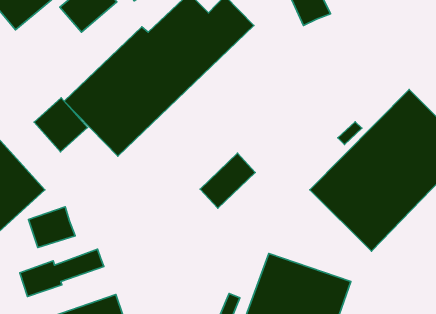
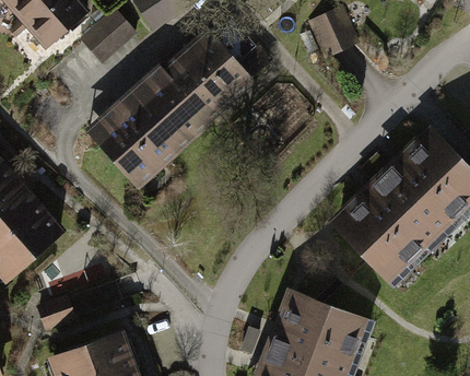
building: [34,98,87,152] -> none
building: [200,153,255,208] -> none
building: [28,207,75,248] -> none

